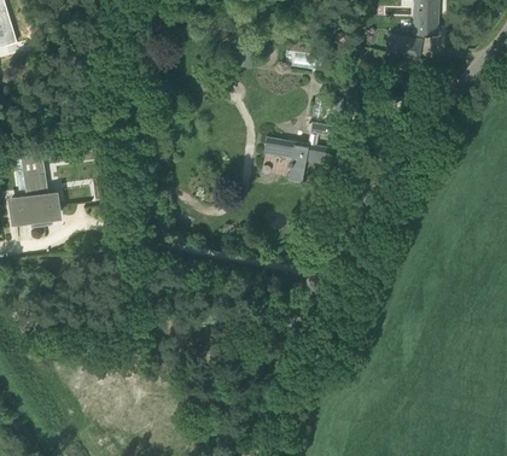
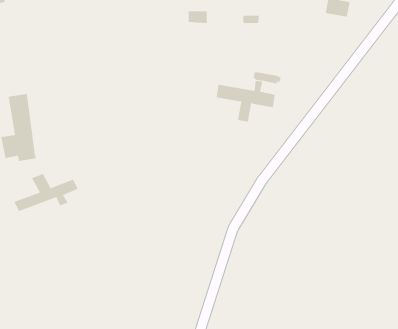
building: none -> [13,173,79,212]

